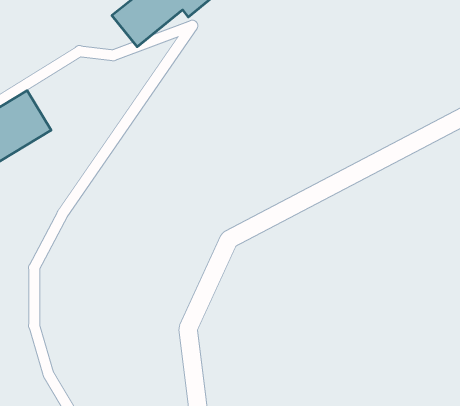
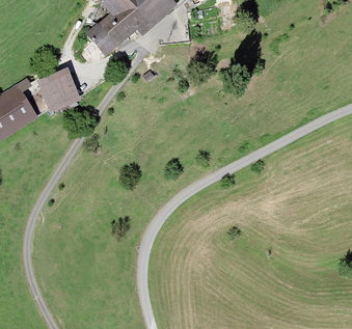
building: none -> [36,72,80,112]

